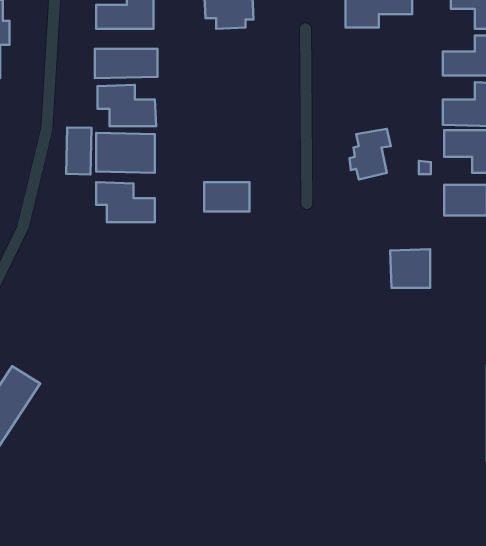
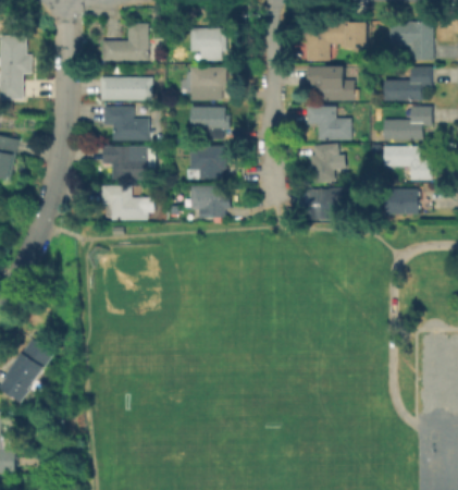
building: none -> [189,68,226,99]
building: none -> [306,68,357,100]
building: none -> [307,106,352,140]
building: none -> [189,107,232,139]
building: [66,127,91,174] -> none
building: none -> [186,148,228,180]
building: [390,249,430,288] -> [305,187,337,219]

